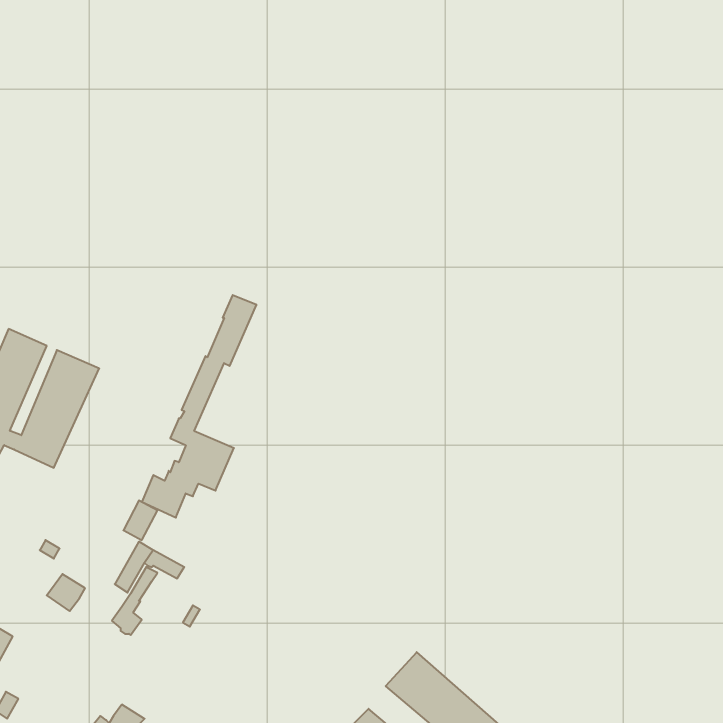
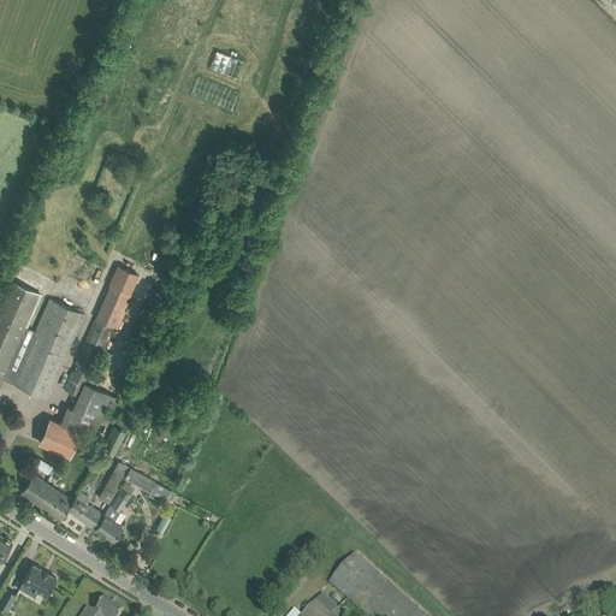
building: [142,295,257,518] -> [40,267,137,456]
building: none -> [19,474,53,507]
building: none -> [67,492,103,528]
building: none -> [18,564,55,597]

